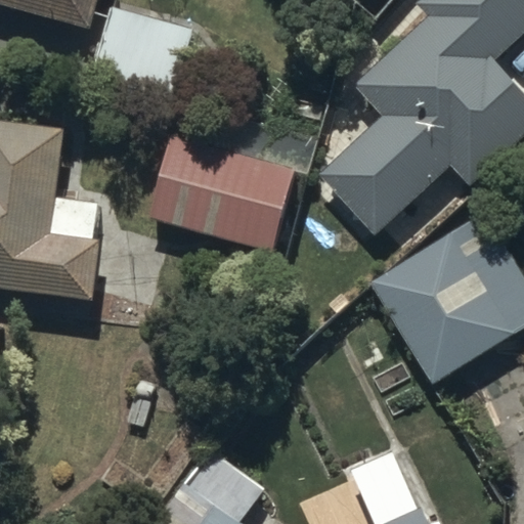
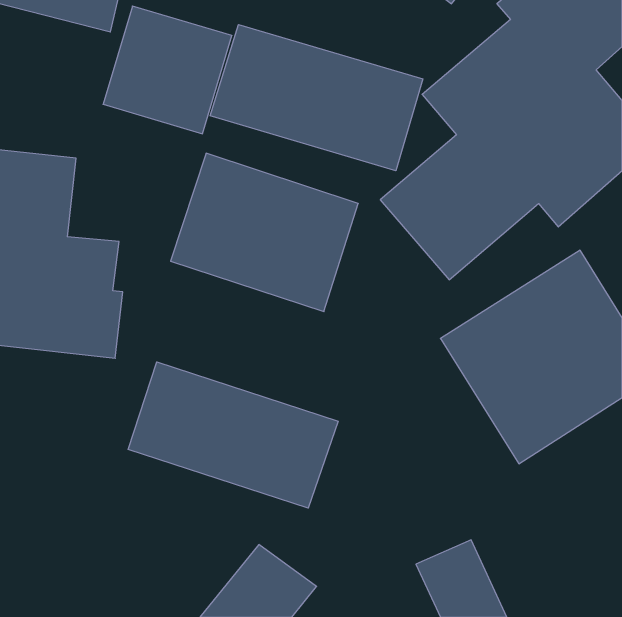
building: none -> [210,25,423,171]
building: none -> [128,362,338,508]

